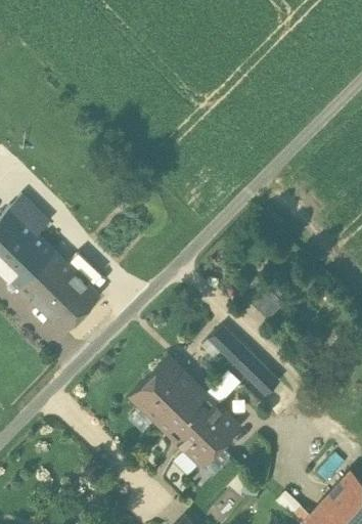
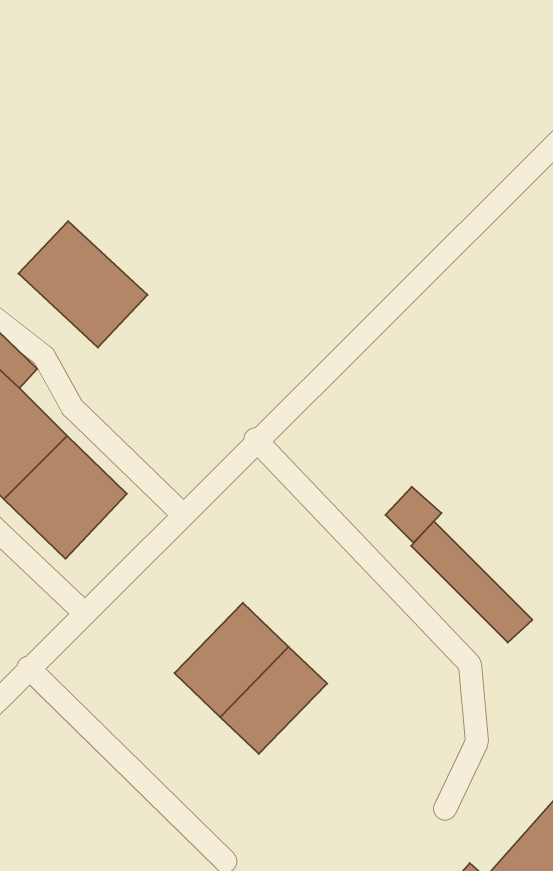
building: none -> [18,221,148,348]
building: [209,329,279,399] -> [411,521,532,643]
building: [178,406,240,469] -> none

